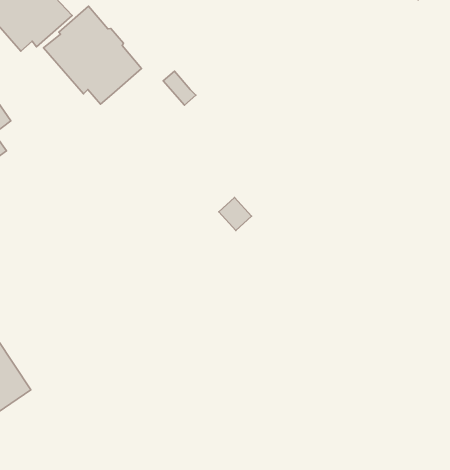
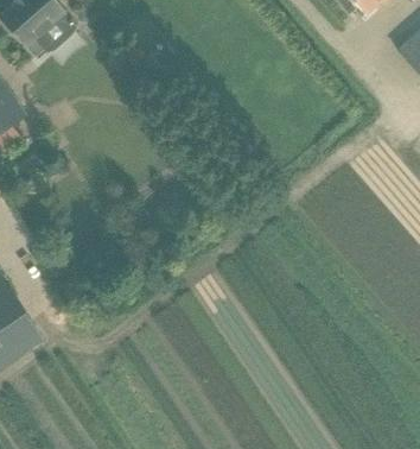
building: [43,6,142,104] -> none

